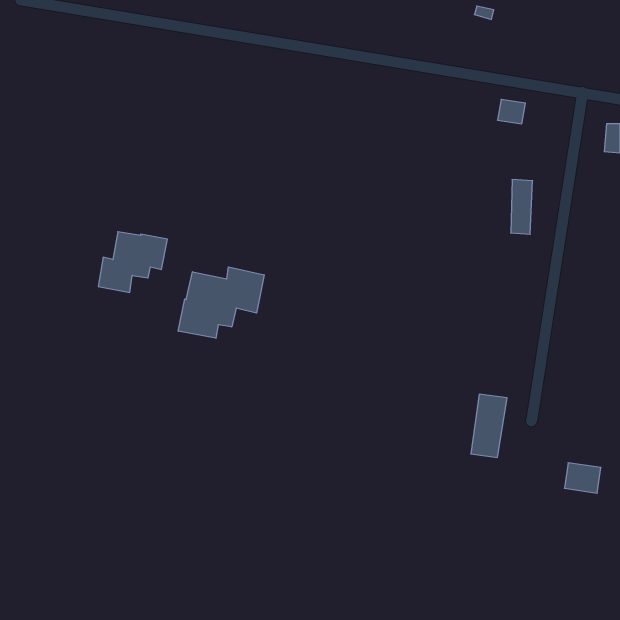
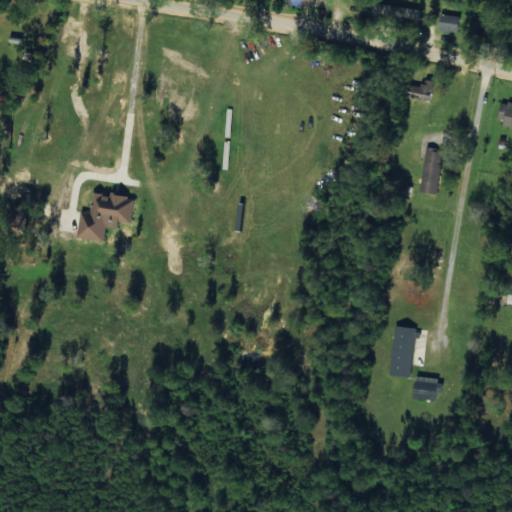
building: none -> [436,14,460,32]
building: [178,267,264,338] -> none
building: [564,463,601,493] -> [411,376,441,401]

